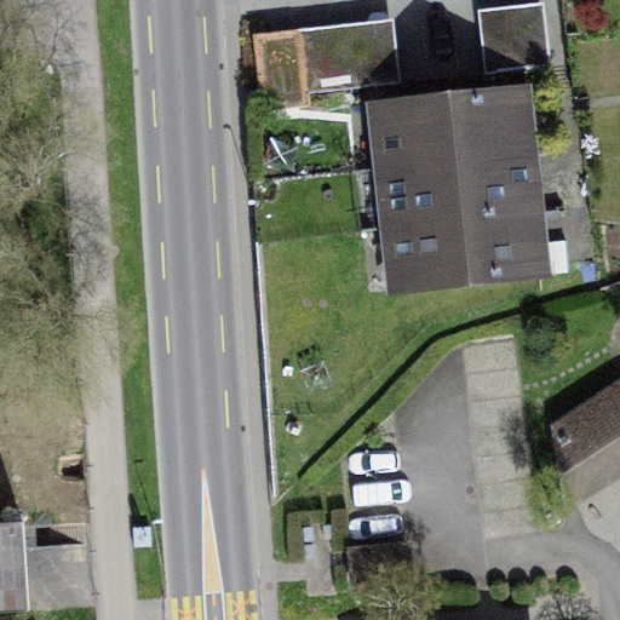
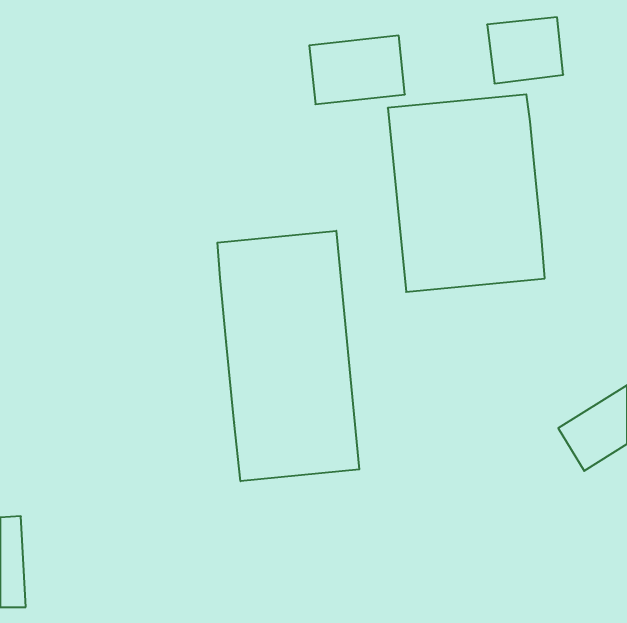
building: none -> [217,231,359,481]

